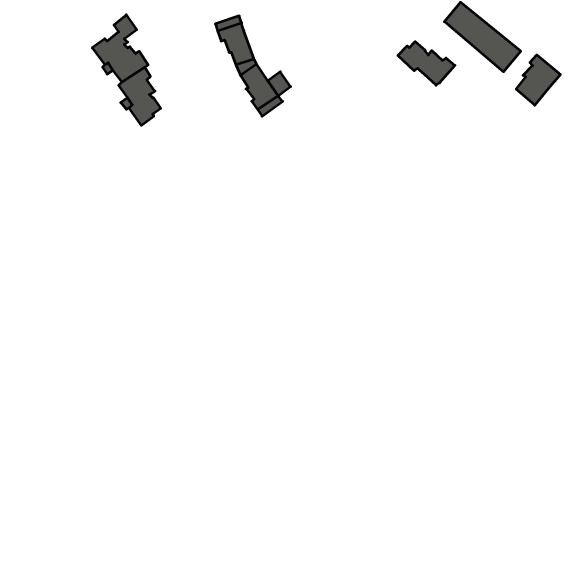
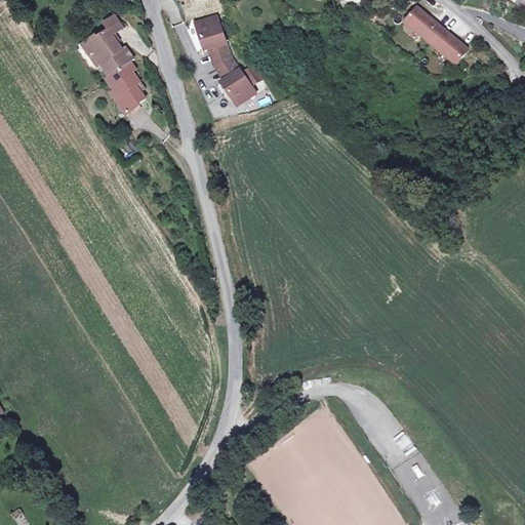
building: [398,42,455,85] -> none
building: [516,55,560,105] -> none

